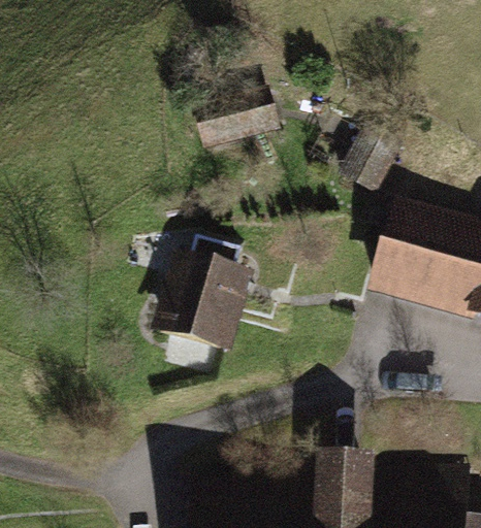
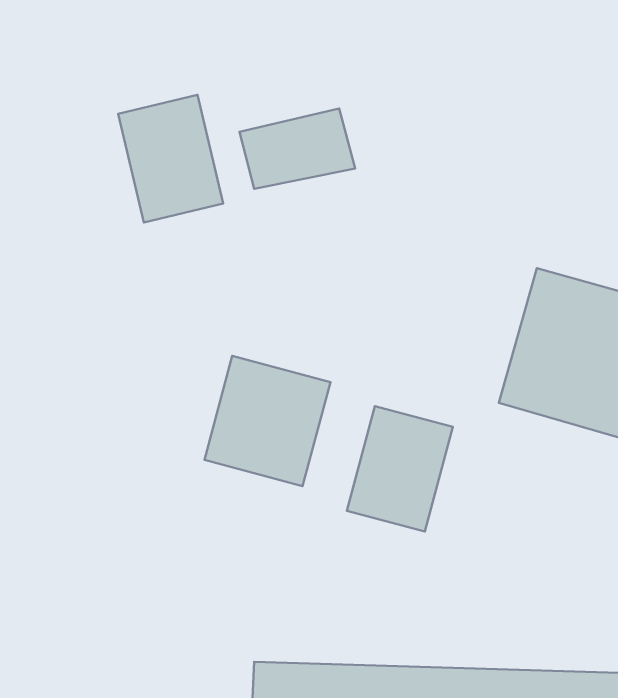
building: none -> [118,95,223,222]
building: none -> [347,406,453,532]

